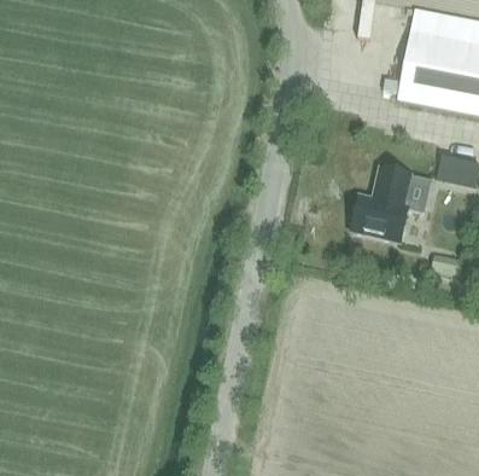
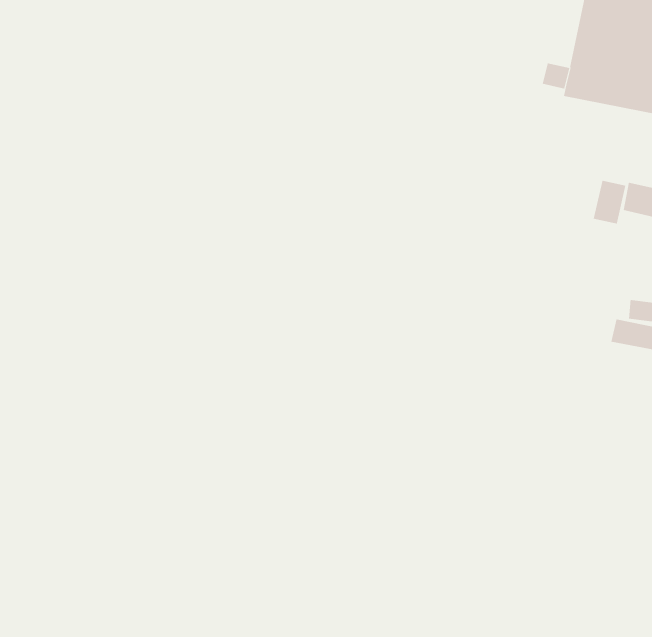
building: [352,166,414,240] -> none

